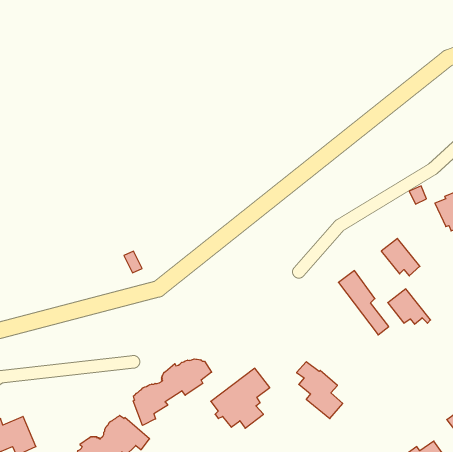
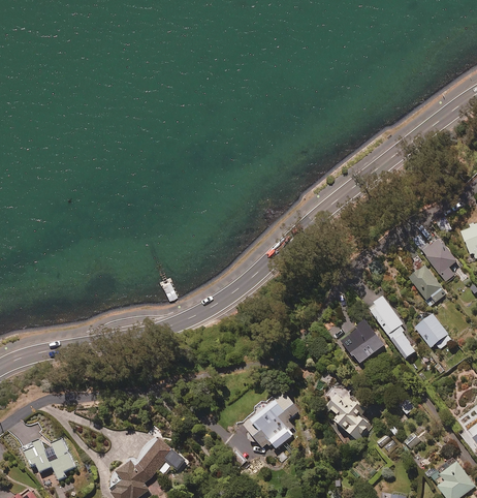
building: none -> [423,240,456,281]
building: none -> [341,320,383,365]
building: [133,359,212,425] -> none

